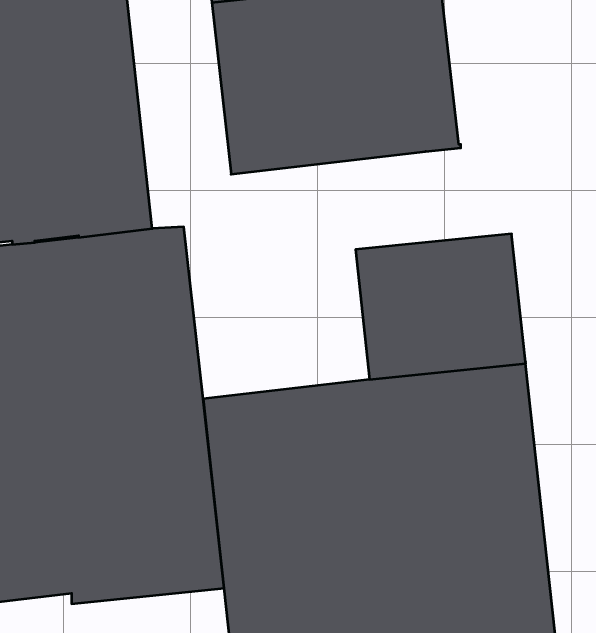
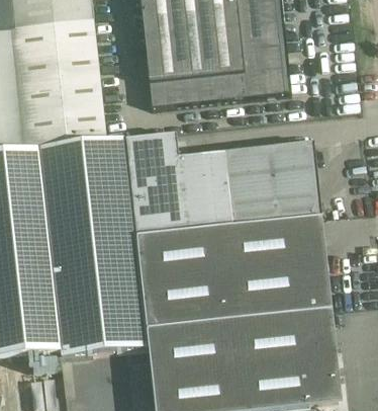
building: none -> [125,131,231,235]

